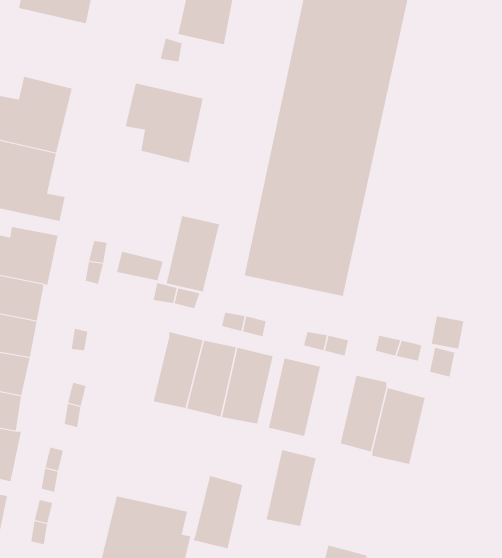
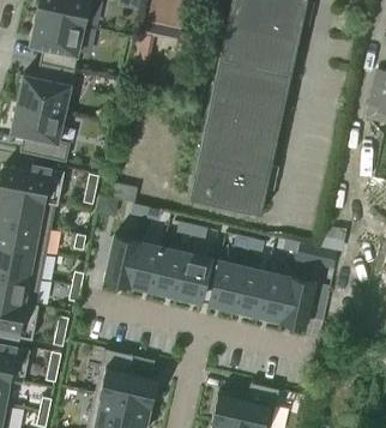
building: [125,83,203,163] -> [30,16,84,71]
building: [166,215,220,292] -> [103,235,140,288]
building: [266,449,317,526] -> [234,261,269,314]
building: [192,475,243,549] -> none

